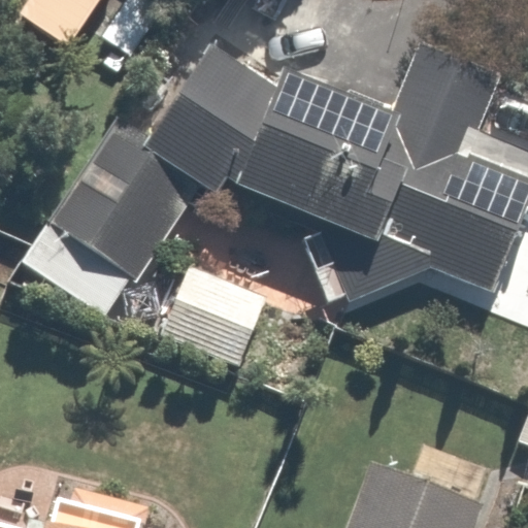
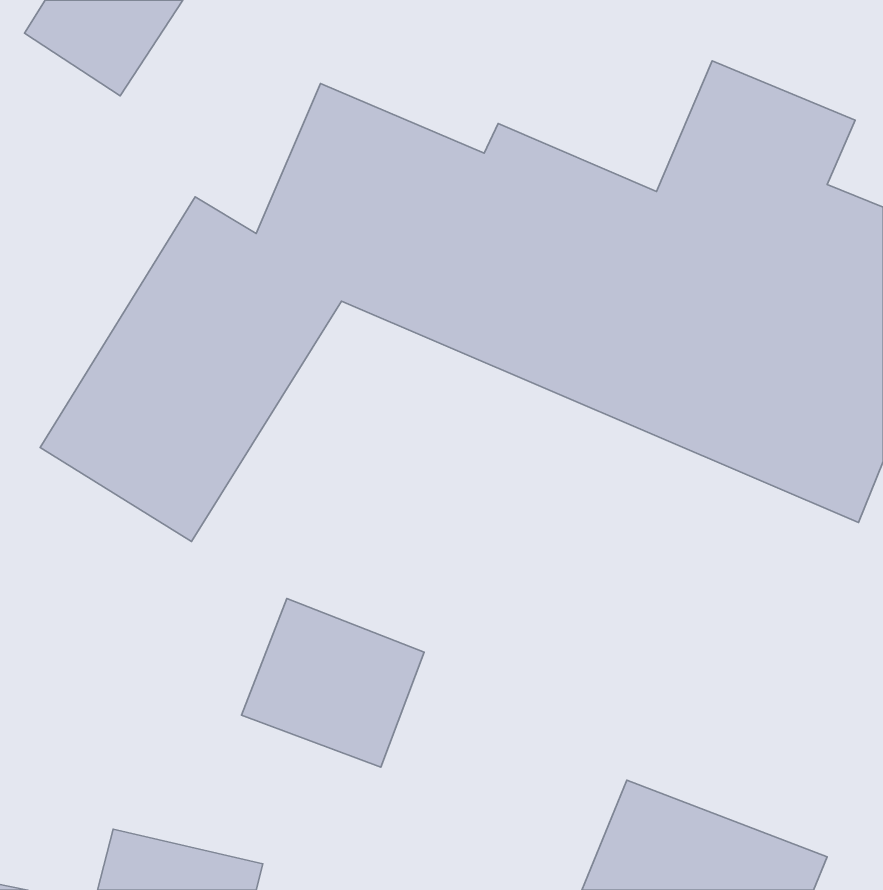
building: [162,265,270,365] -> [241,598,424,767]

